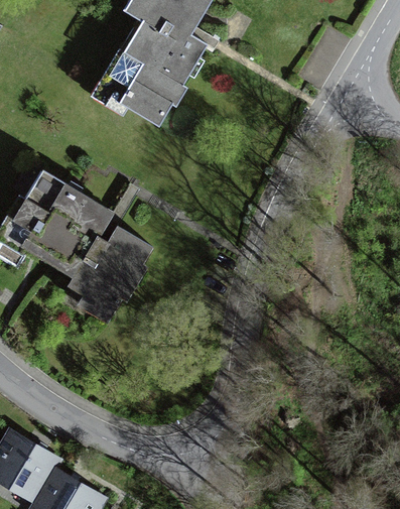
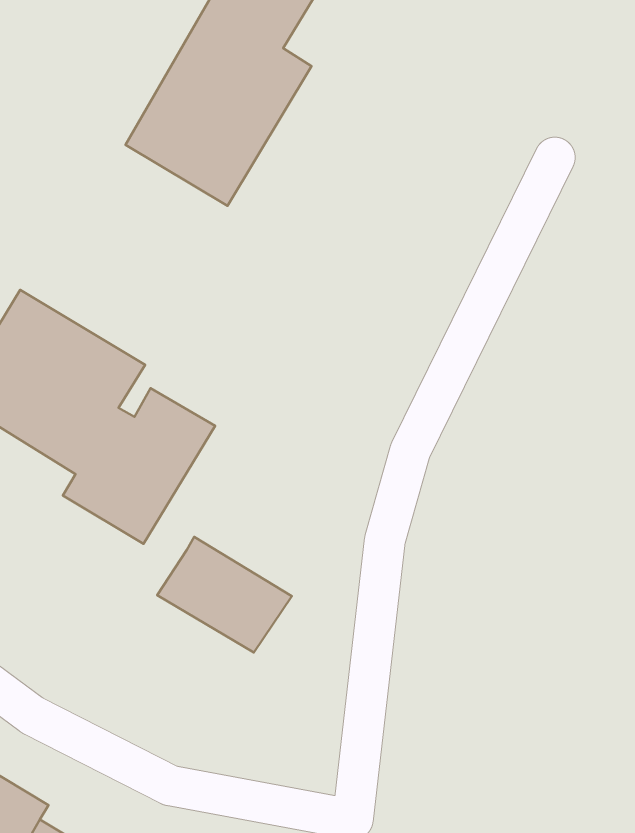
building: none -> [157,537,292,653]

